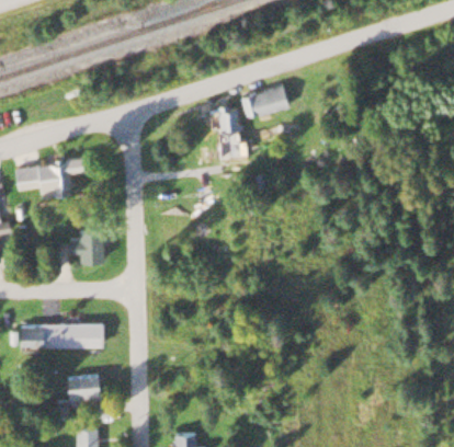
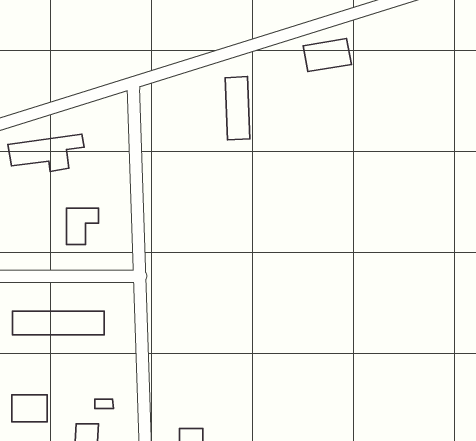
building: [245,89,290,119] -> [303,39,351,71]
building: [68,377,101,402] -> [12,395,47,422]

